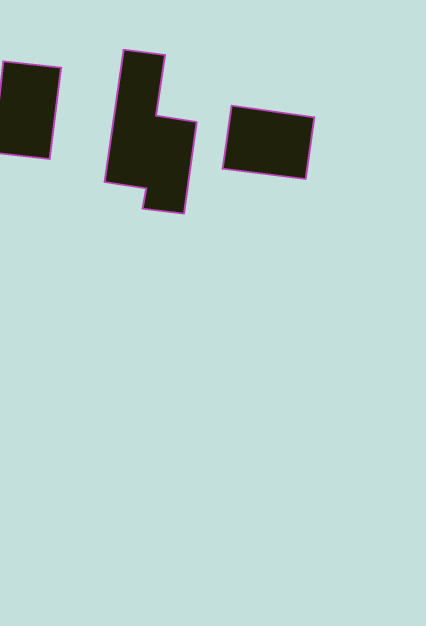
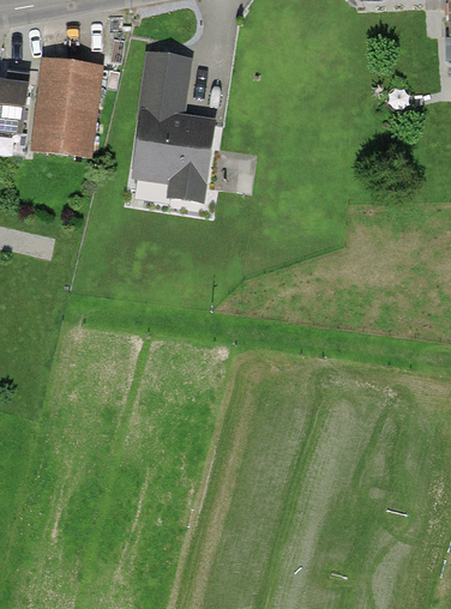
building: [223,106,314,179] -> none

